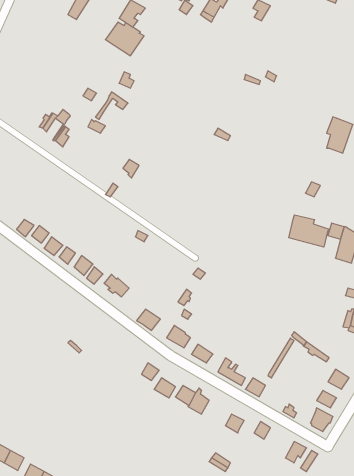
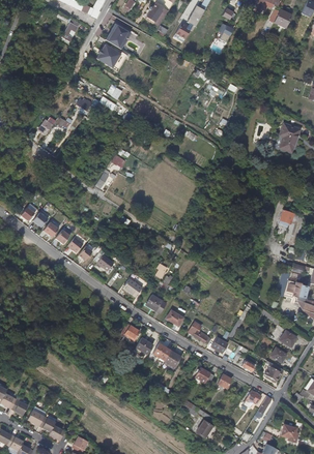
building: [289,215,329,247] -> none

